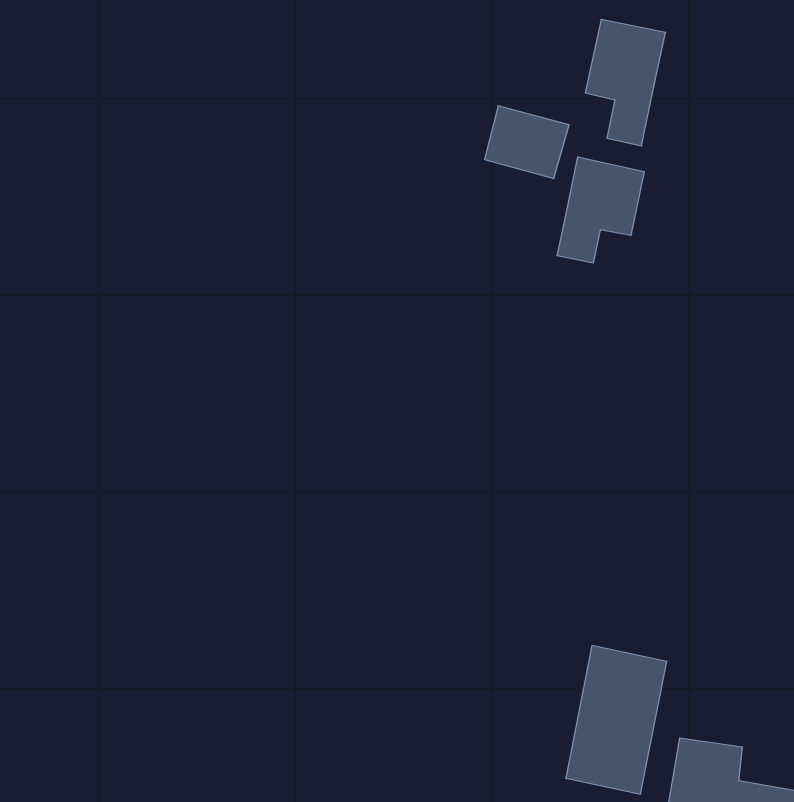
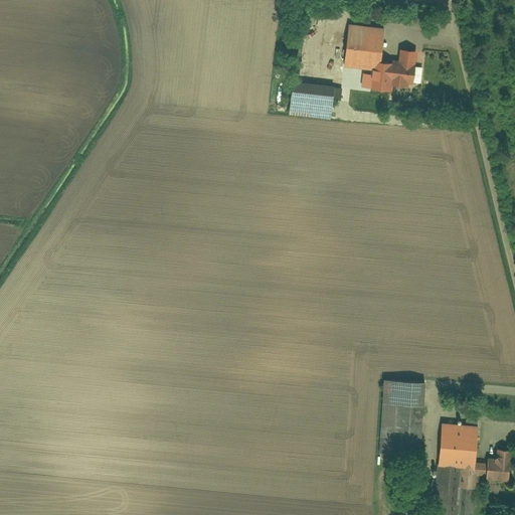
building: none -> [380,47,419,85]
building: [557,157,644,263] -> none

